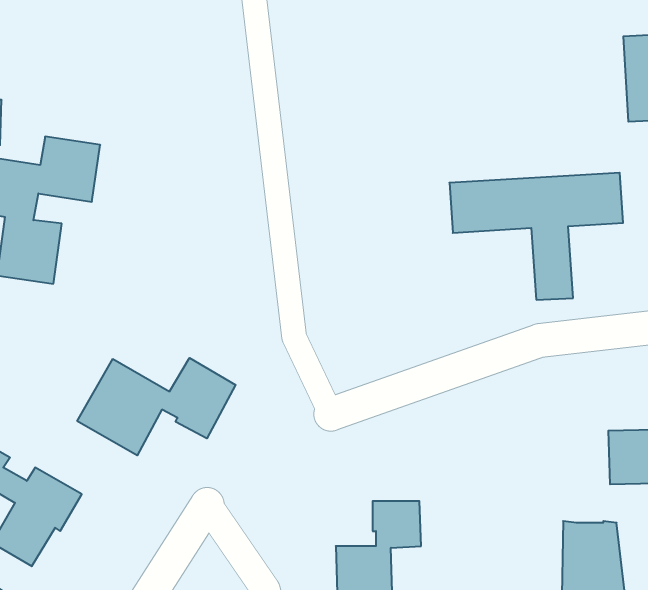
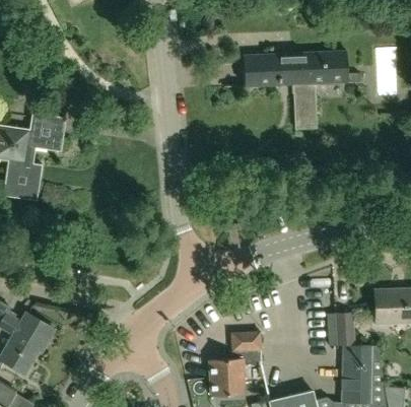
building: [449,173,623,300] -> [242,50,347,127]
building: [77,358,236,455] -> none
building: none -> [335,312,356,346]

